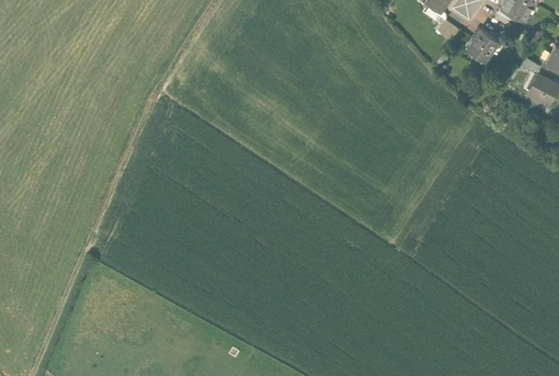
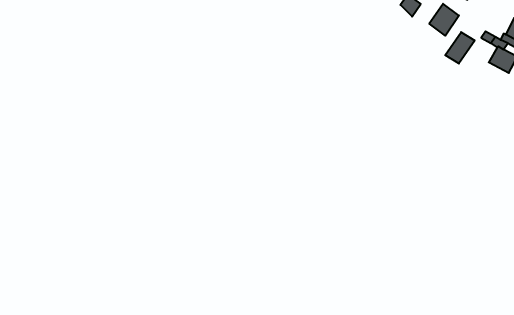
building: none -> [445,32,475,64]

